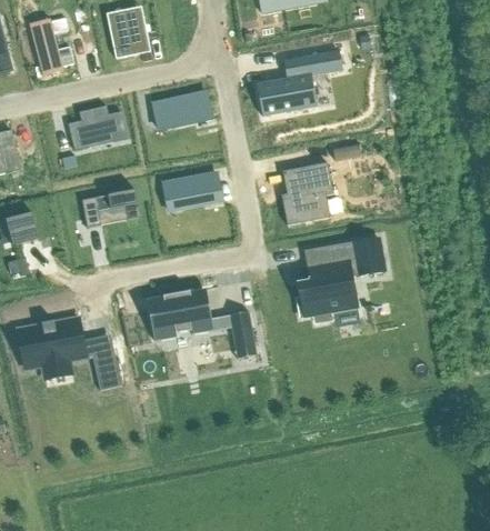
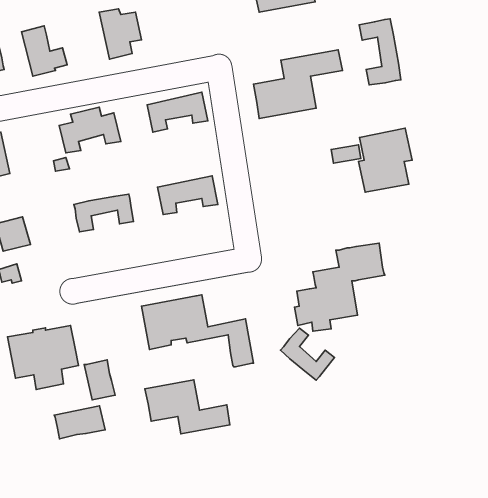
building: none -> [359,19,401,85]
building: [280,161,332,223] -> [358,128,412,192]
building: none -> [280,328,334,380]
building: none -> [145,380,230,434]
building: none -> [54,406,105,439]

